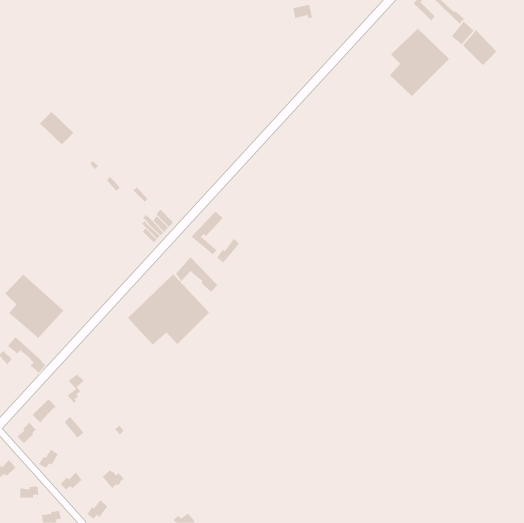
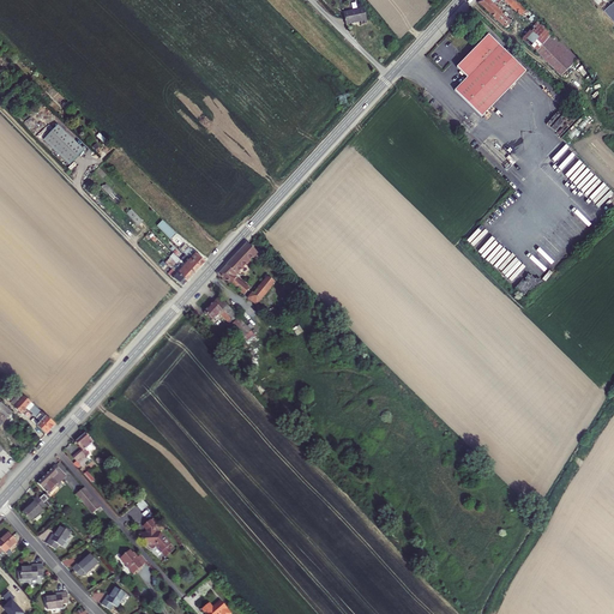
building: [127,273,210,346] -> none
building: [4,274,64,339] -> none
building: none -> [138,517,170,553]

